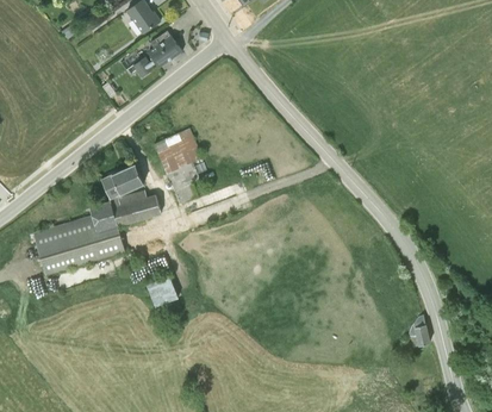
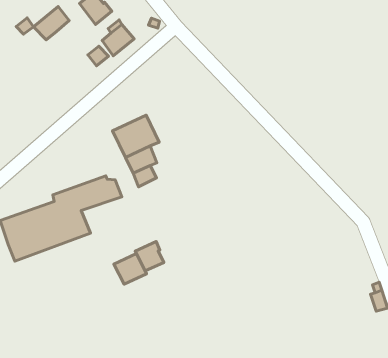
building: none -> [34,7,69,40]
building: [100,162,143,199] -> none
building: none -> [135,241,164,271]

